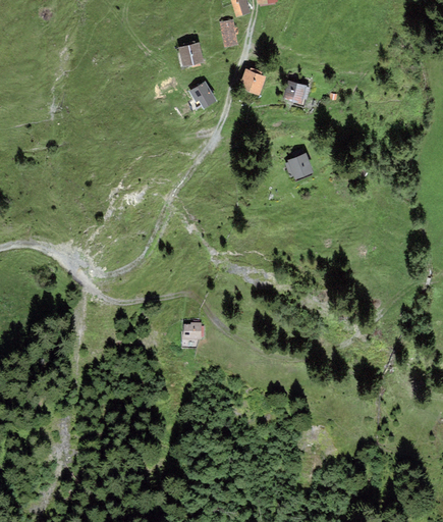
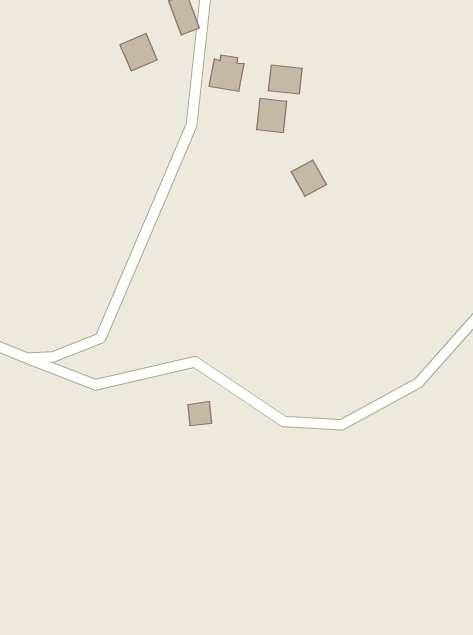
building: [188,81,217,108] -> none
building: none -> [257,98,287,133]

